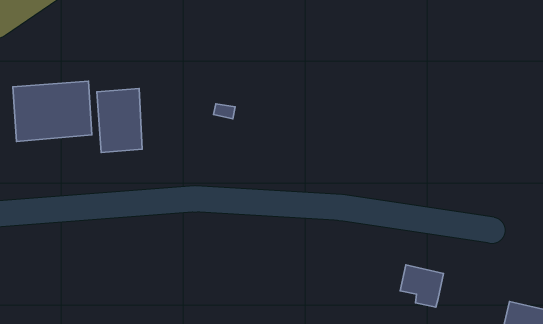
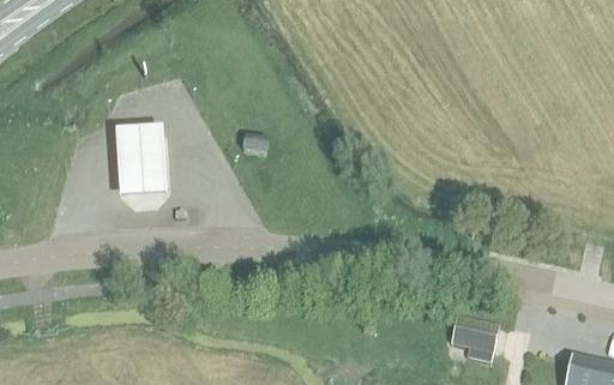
building: [13,81,92,142] -> none

